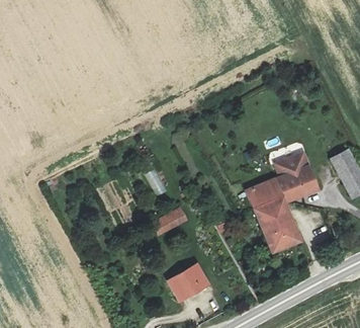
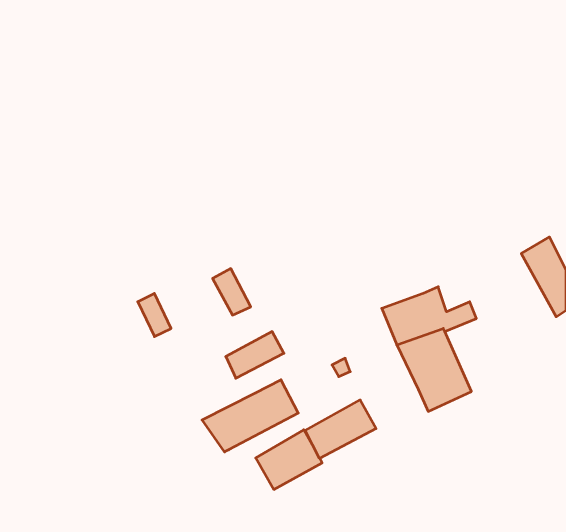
building: [266,152,319,196] -> none
building: none -> [202,380,298,452]
building: none -> [305,400,376,458]

